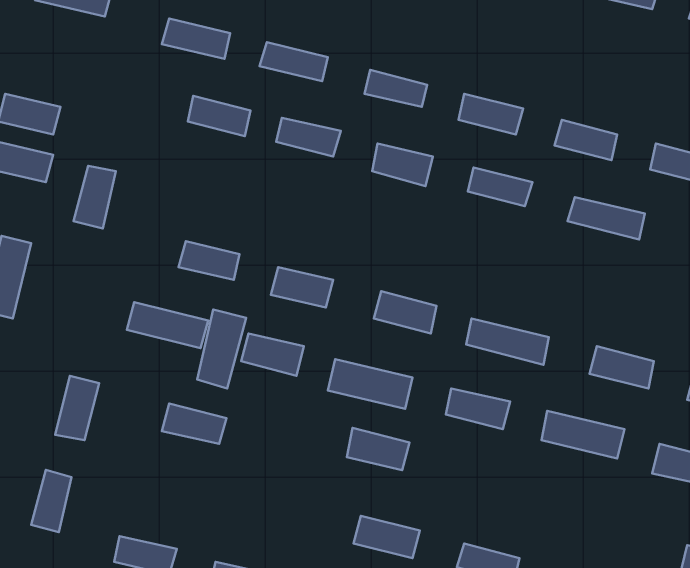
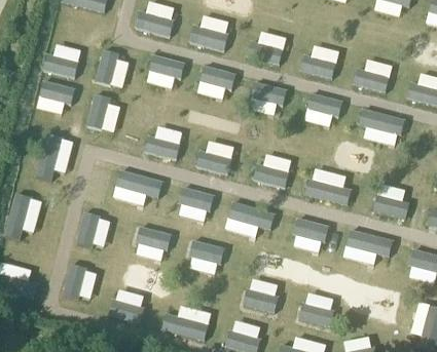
building: none -> [95,50,118,85]
building: [197,310,246,389] -> none
building: [347,428,410,470] -> [189,240,224,264]

